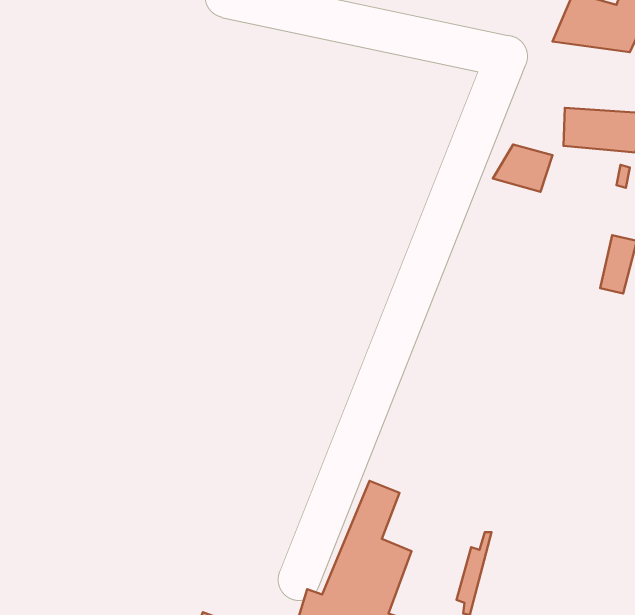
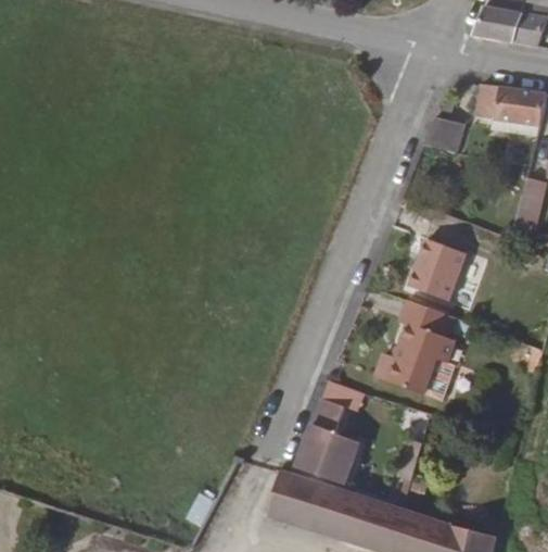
building: none -> [409,238,466,300]
building: none -> [378,300,461,402]

